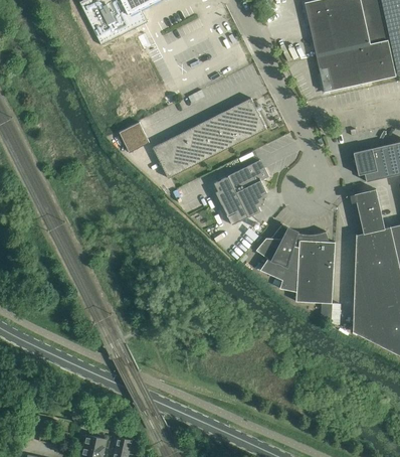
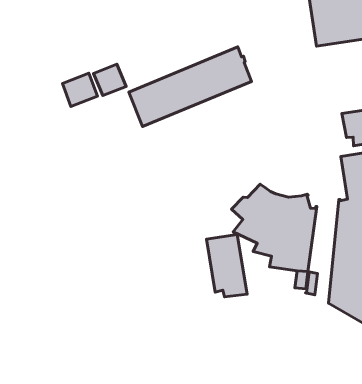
building: none -> [63,73,97,107]
building: [212,160,269,221] -> none
building: none -> [207,234,247,297]

